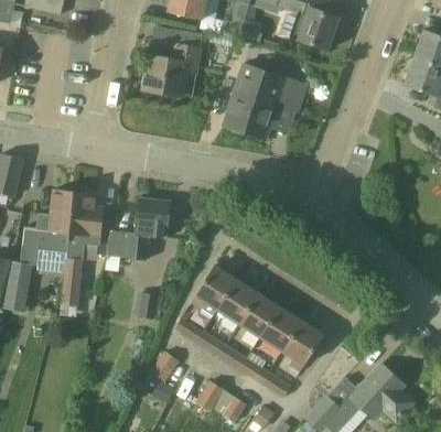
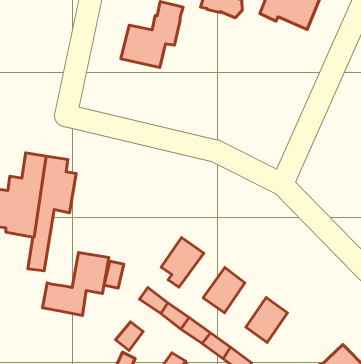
building: [223,63,305,139] -> none
building: [106,197,170,260] -> [42,253,109,316]
building: [216,279,258,332] -> none
building: [260,306,301,350] -> none

